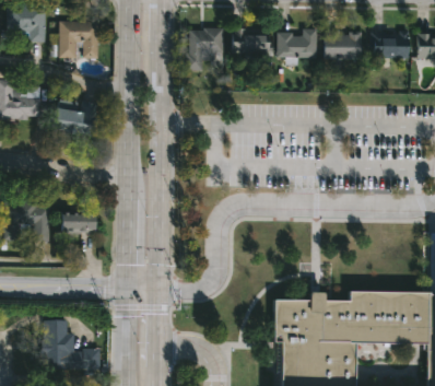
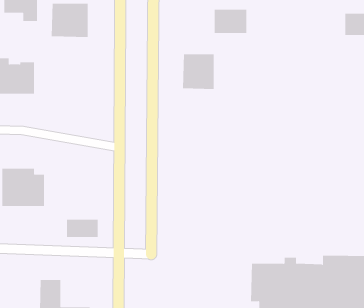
building: [189,28,224,67] -> [182,54,214,89]
building: [279,30,317,56] -> none
building: [325,31,362,58] -> none
building: [54,102,97,138] -> none
building: [60,212,95,232] -> [66,219,98,237]

